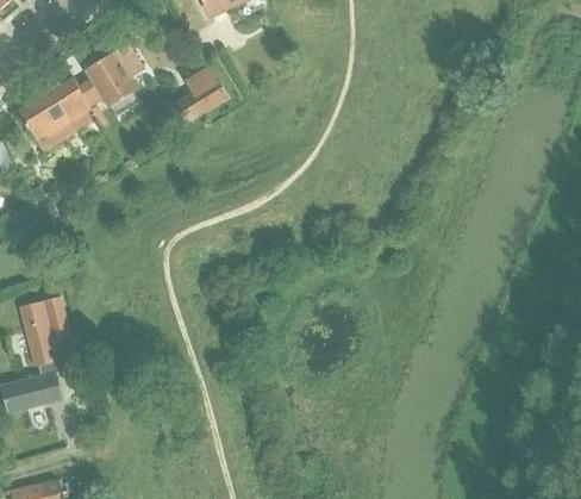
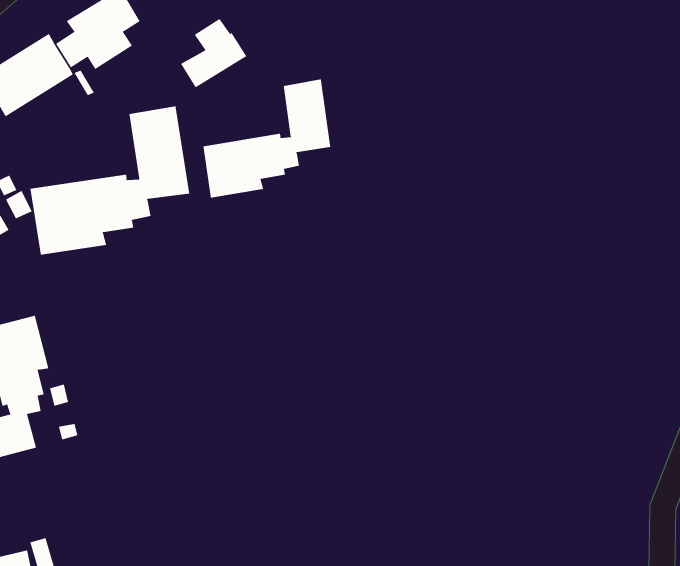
building: none -> [203,78,331,198]
building: none -> [30,106,190,255]

